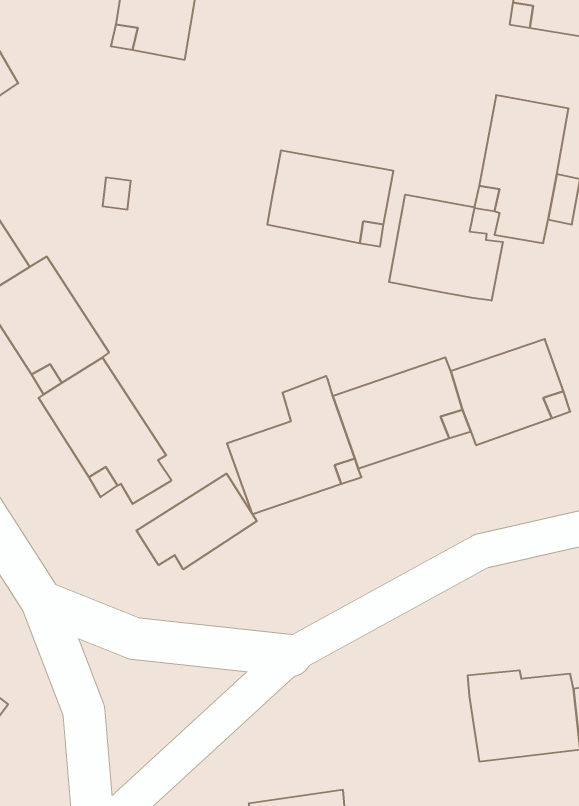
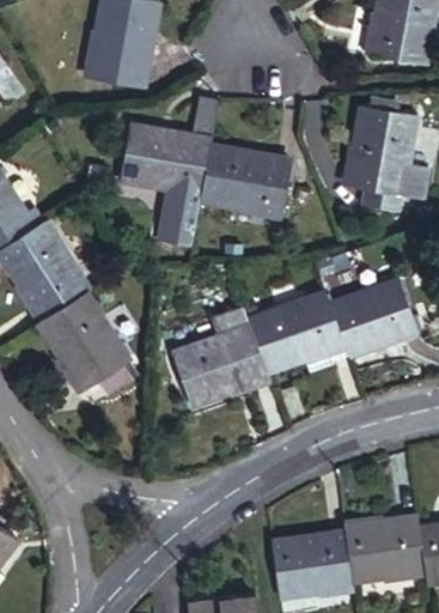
building: none -> [121,102,218,244]
building: [389,195,503,301] -> none
building: [136,474,257,569] -> none
building: none -> [272,533,353,596]

